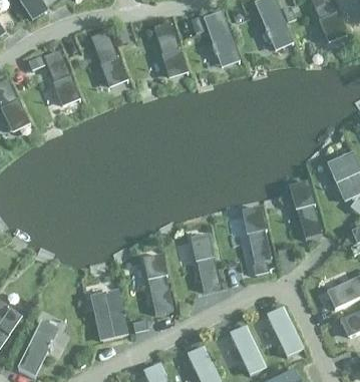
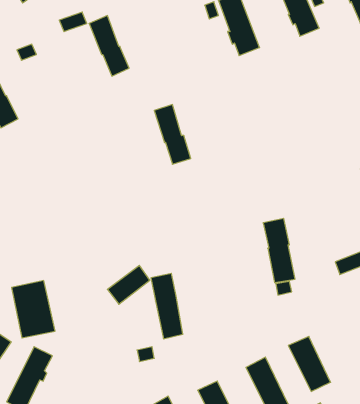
building: [153,21,186,73] -> [154,105,191,164]
building: [43,50,78,102] -> none
building: [291,180,322,238] -> none
building: [192,236,220,289] -> none
building: [90,289,128,339] -> [12,281,55,338]

